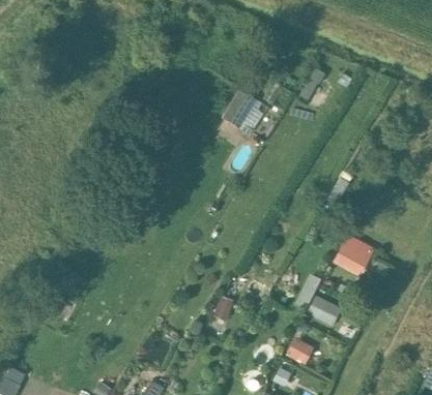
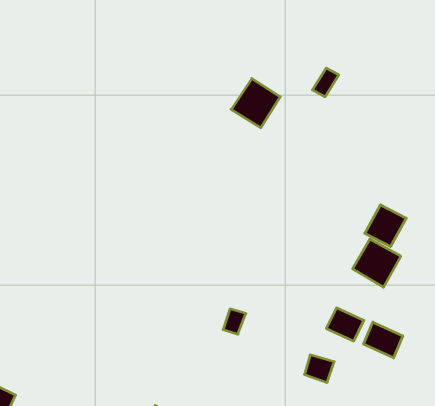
building: none -> [365,205,406,247]
building: none -> [364,322,403,358]

